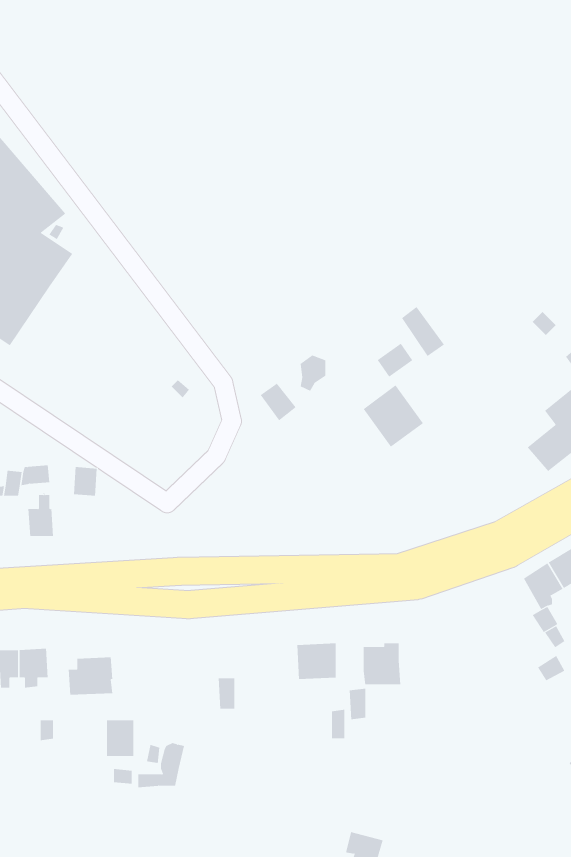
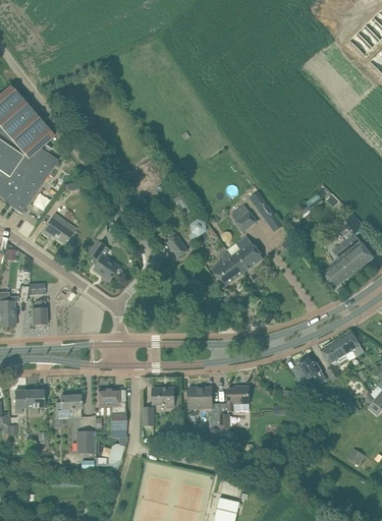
building: none -> [42,213,73,243]
building: none -> [89,239,123,279]
building: none -> [212,249,243,285]
building: none -> [298,355,327,384]
building: none -> [152,387,174,406]
building: none -> [98,388,126,428]

